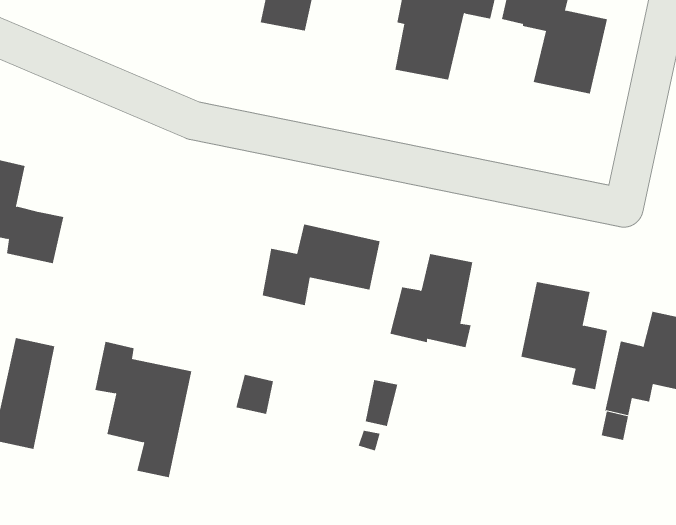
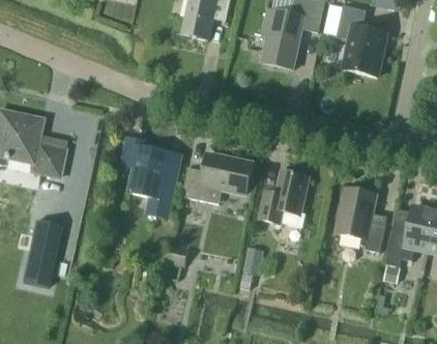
building: [94,341,192,478] -> [122,136,180,217]

